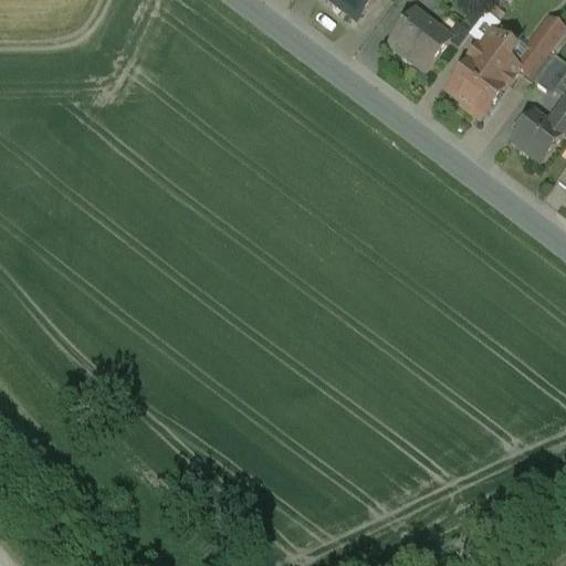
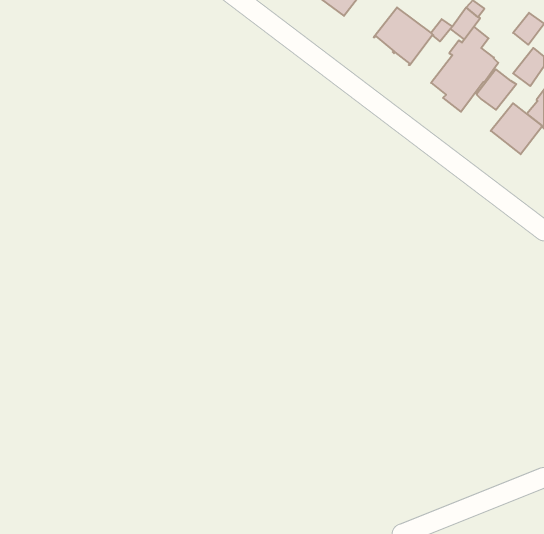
building: [513,34,554,76] -> [477,69,516,110]

